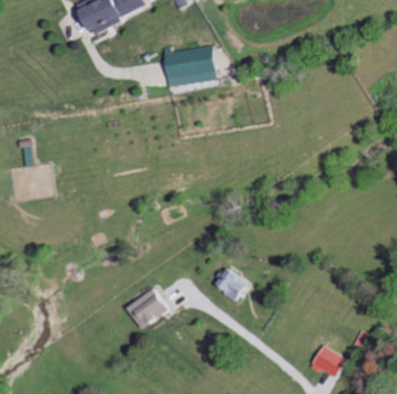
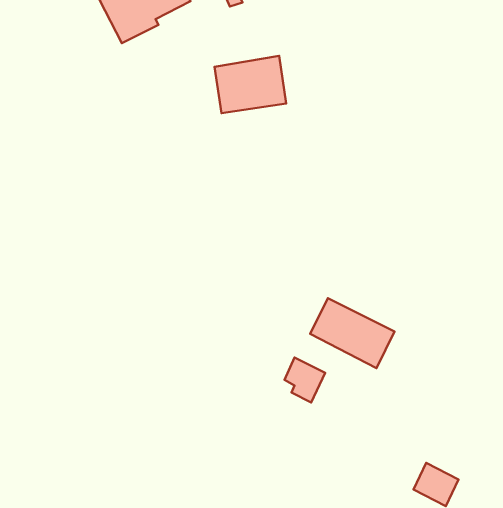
building: none -> [310,298,394,368]
building: [127,288,169,330] -> none

